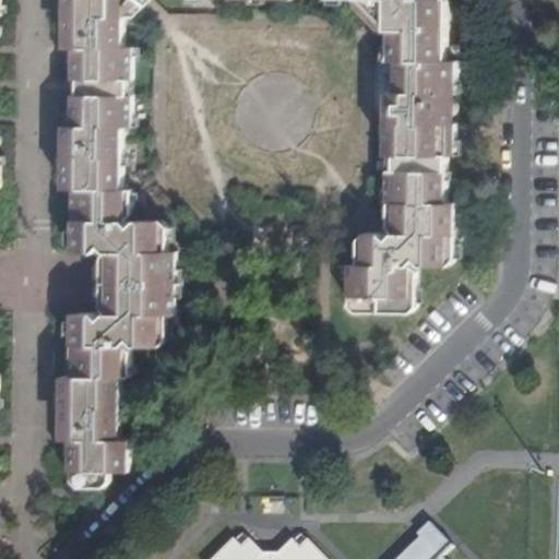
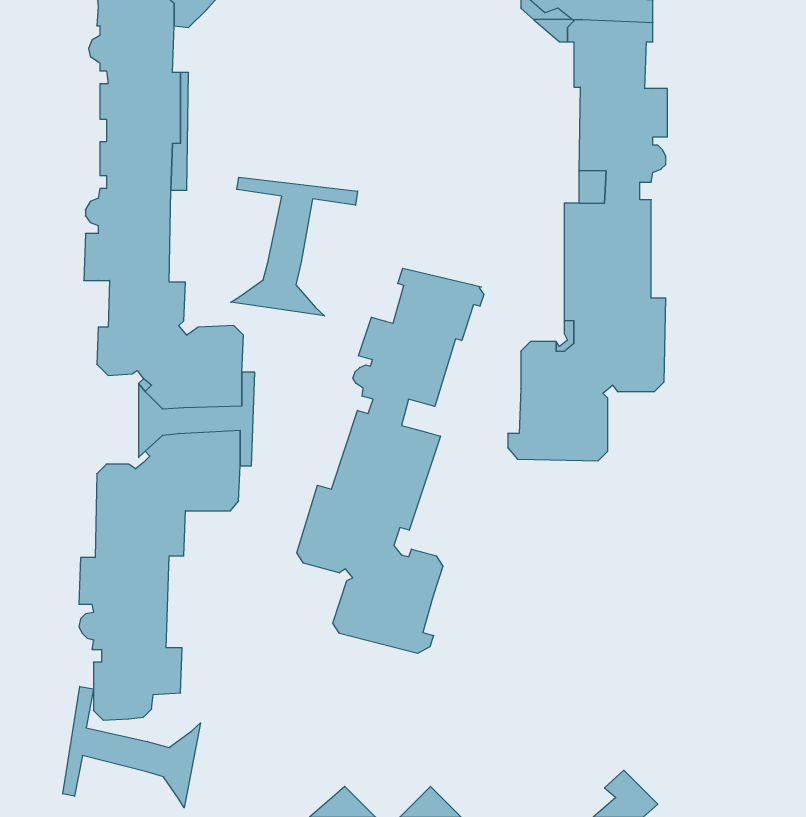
building: none -> [231,177,358,316]
building: none -> [297,268,484,653]
building: none -> [63,686,201,808]

